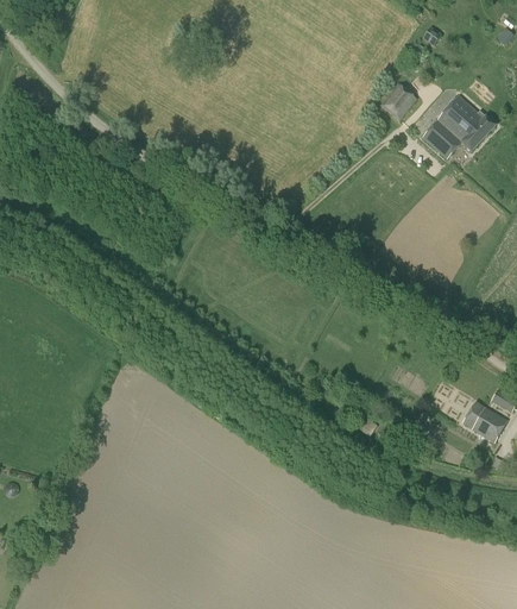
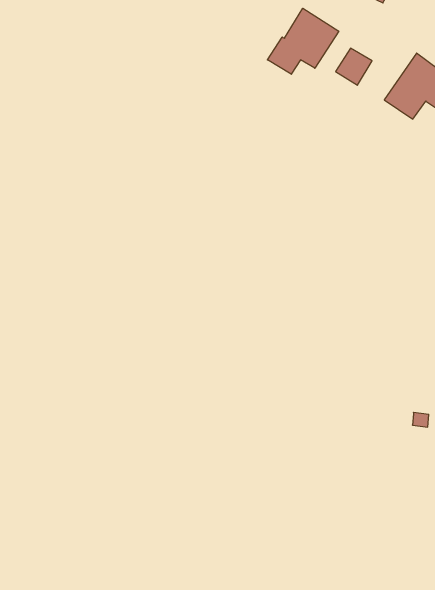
building: none -> [267,8,339,74]

